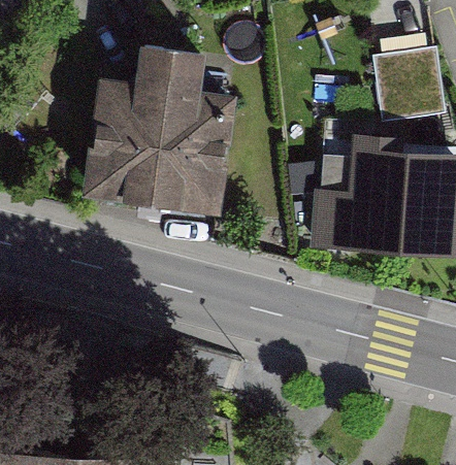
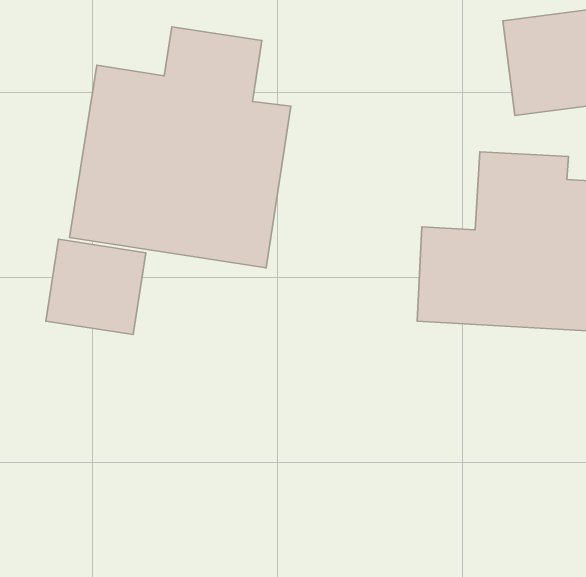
building: none -> [46,239,146,335]

